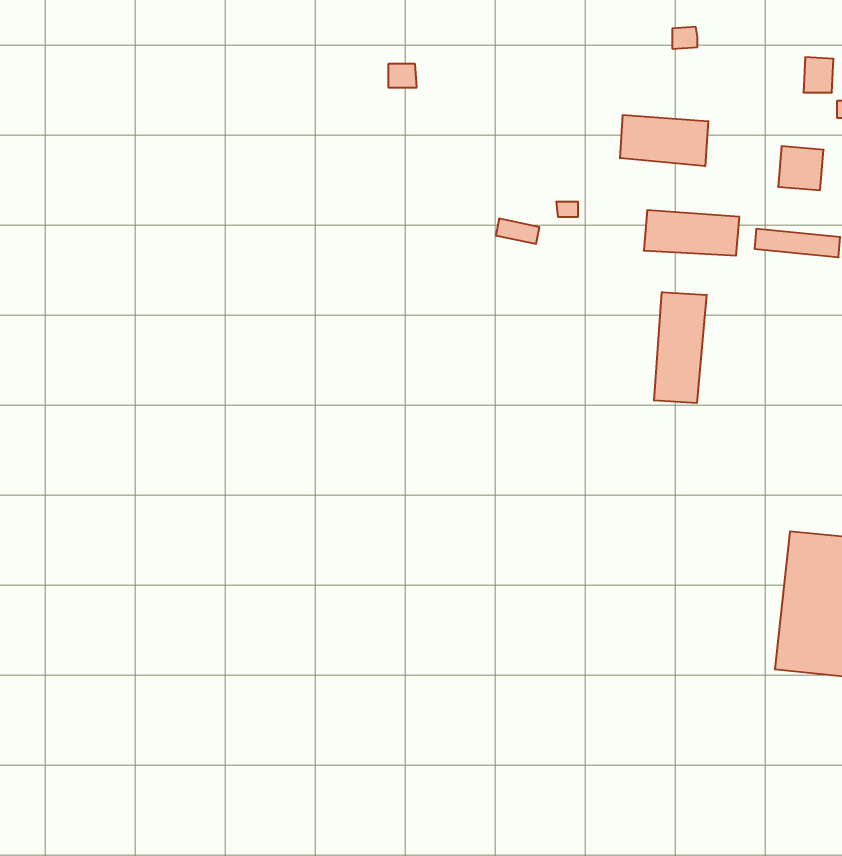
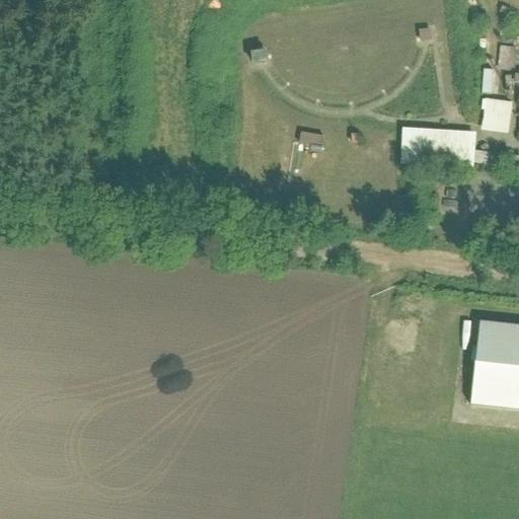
building: [620,115,708,166] -> none
building: [654,292,707,403] -> none

